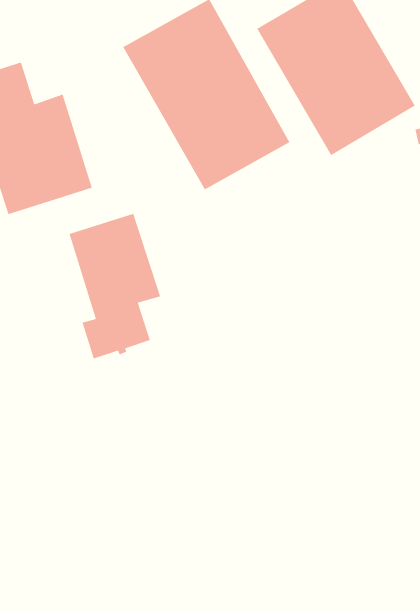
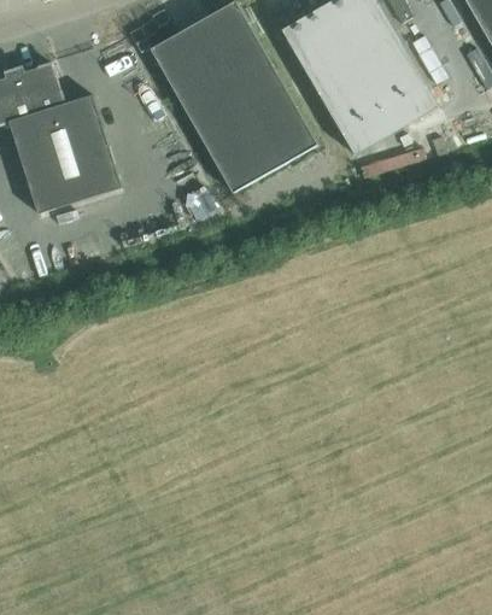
building: [68,213,161,359] -> none

